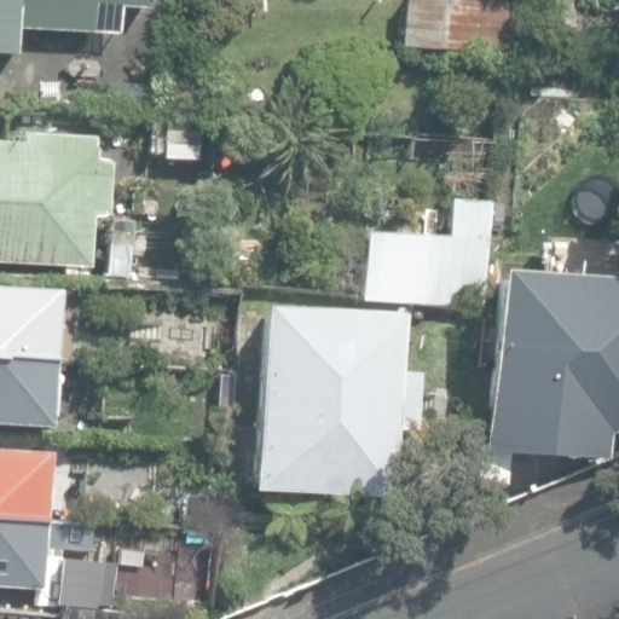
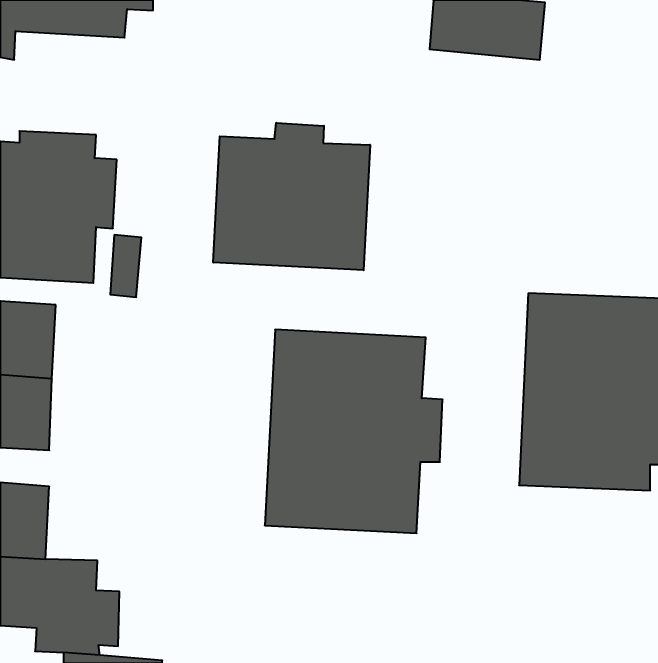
building: none -> [213,123,370,270]
building: [365,197,493,307] -> none

